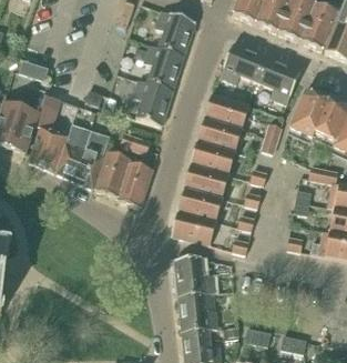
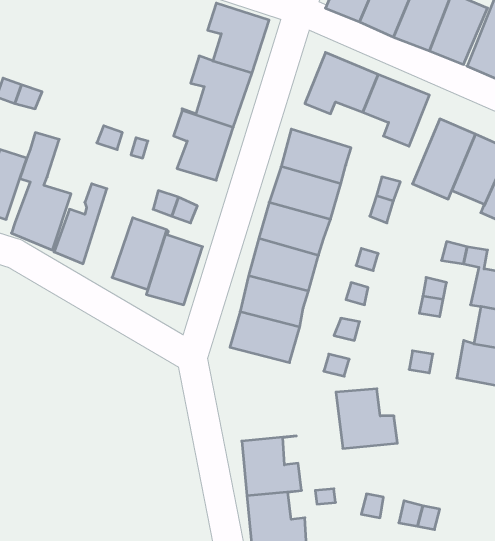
building: [75,131,109,188] -> none
building: [174,256,214,295] -> [336,389,397,448]

